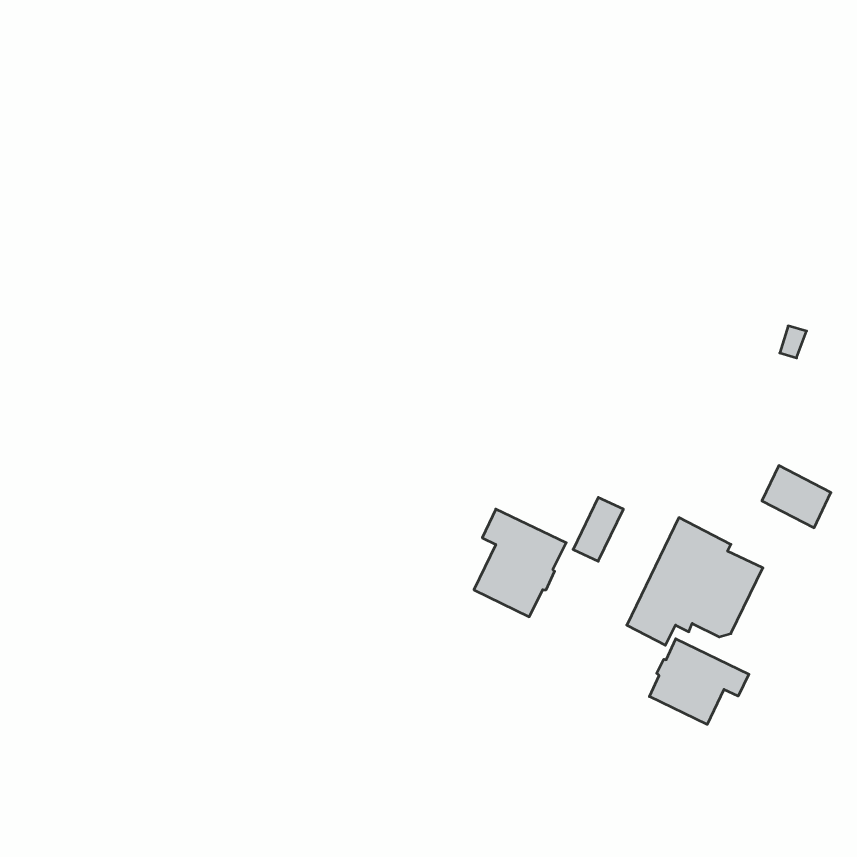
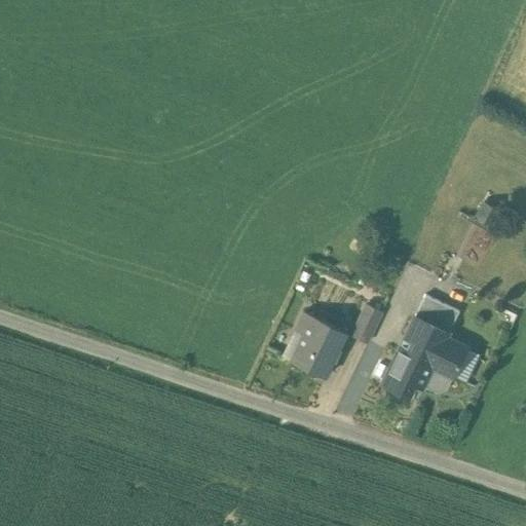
building: [762,466,831,528] -> [416,296,458,334]
building: [649,639,749,724] -> none

